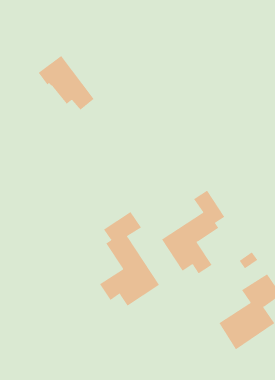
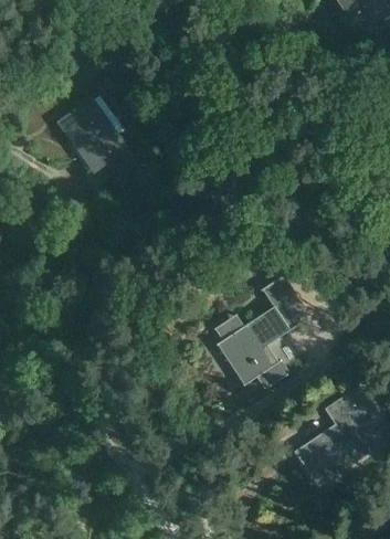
building: [99,211,160,306] -> none

